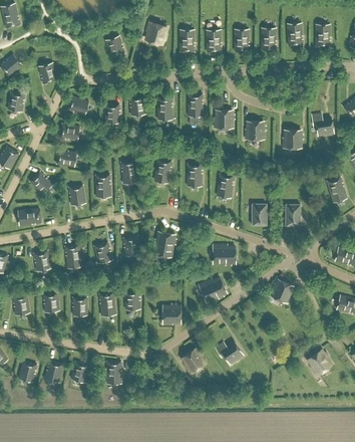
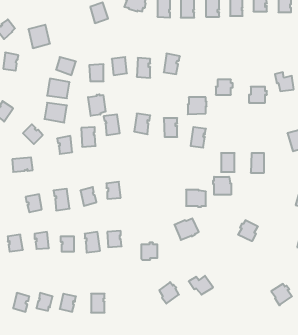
building: [214,109,235,129] -> [188,97,207,114]
building: none -> [88,94,106,116]
building: none -> [213,177,231,195]
building: [153,232,175,256] -> none

